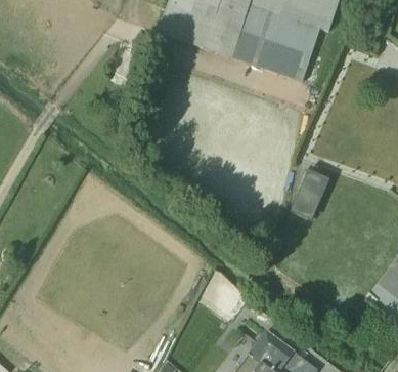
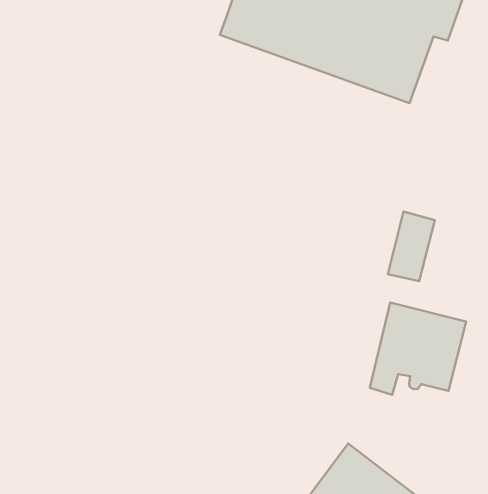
building: none -> [370,302,466,395]

